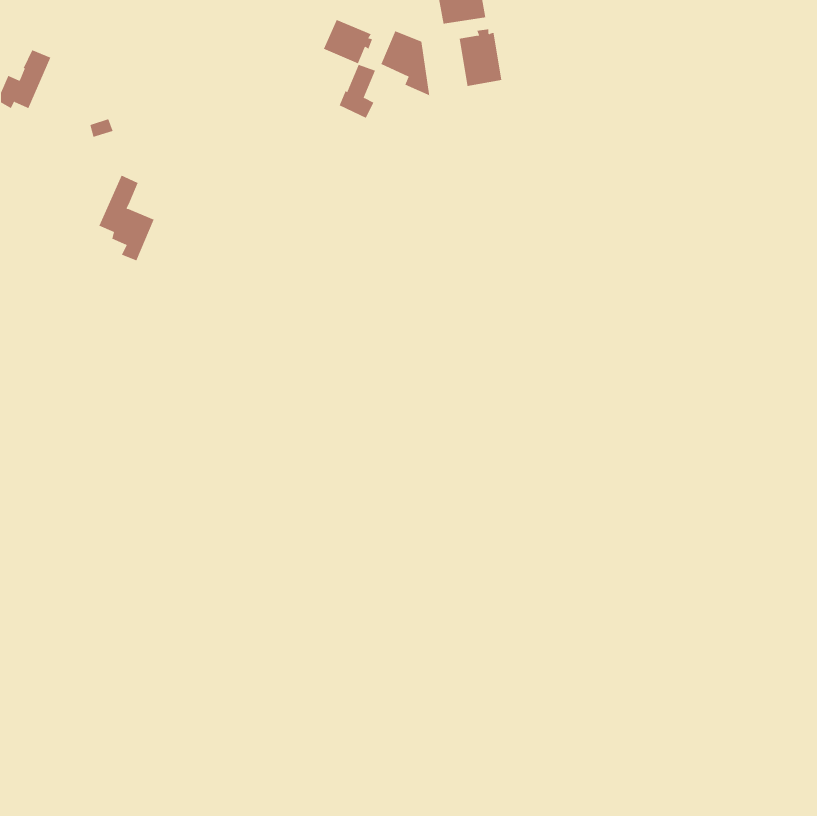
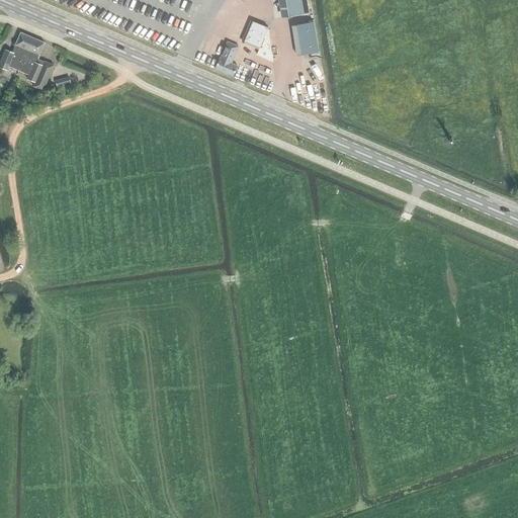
building: [323,19,373,64] -> none
building: [99,175,155,261] -> [18,36,54,91]

